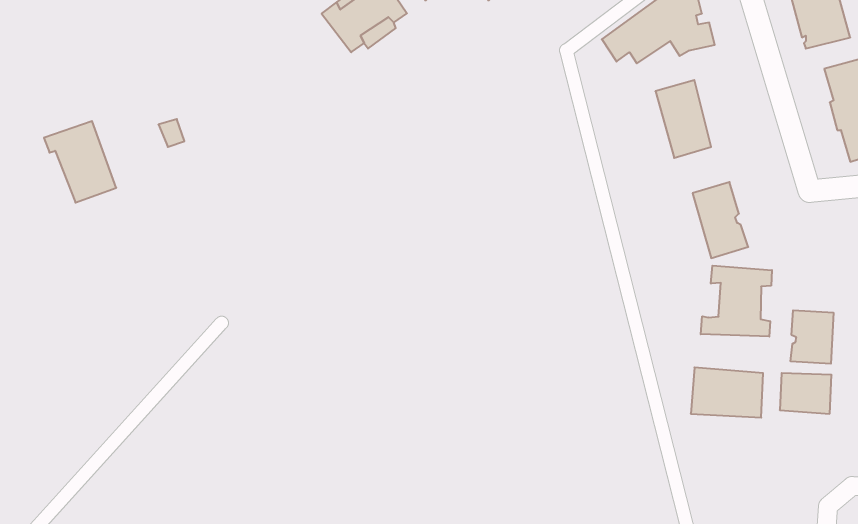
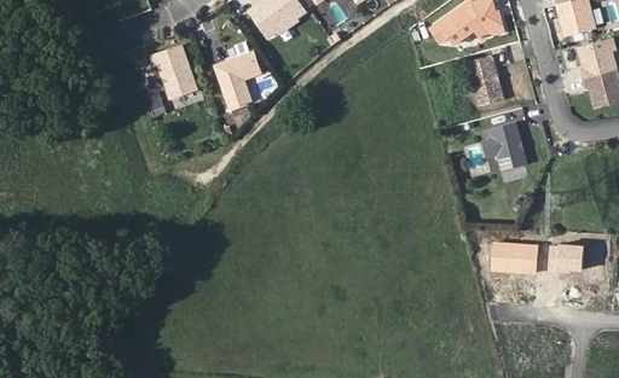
building: none -> [215,41,261,107]
building: [44,121,116,203] -> [151,45,198,98]
building: [701,266,772,337] -> none
building: [791,310,833,364] -> none

